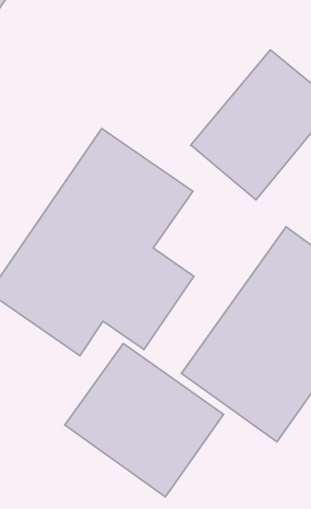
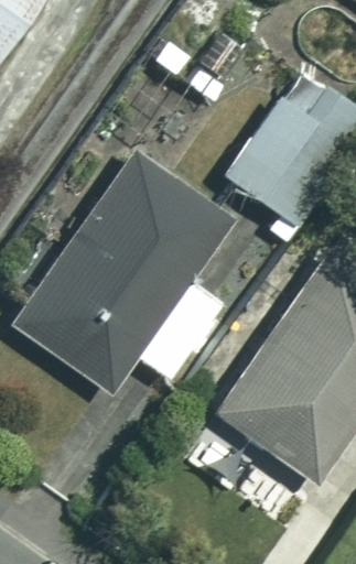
building: [65,344,224,497] -> none

